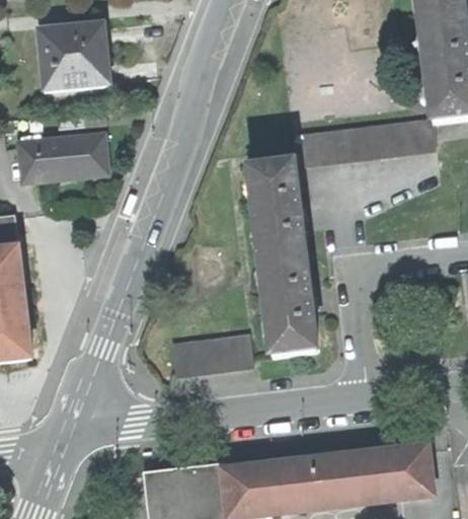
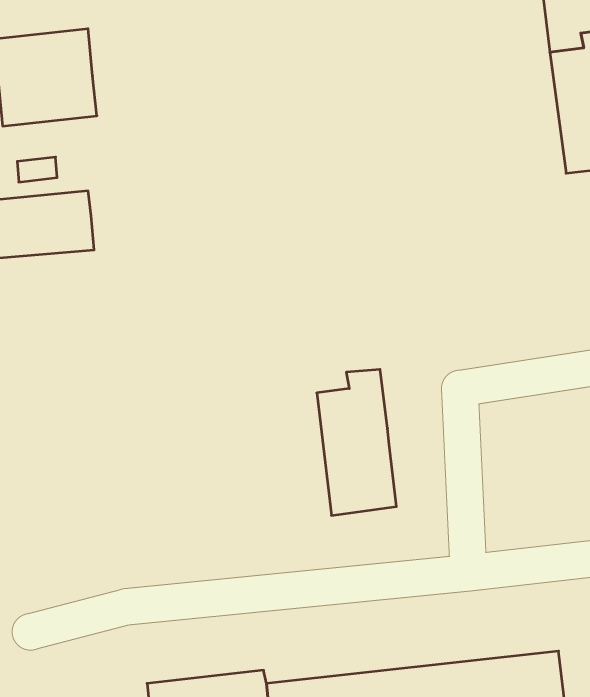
building: [300,120,425,165] -> none
building: [249,166,305,274] -> none
building: [176,336,257,375] -> none

